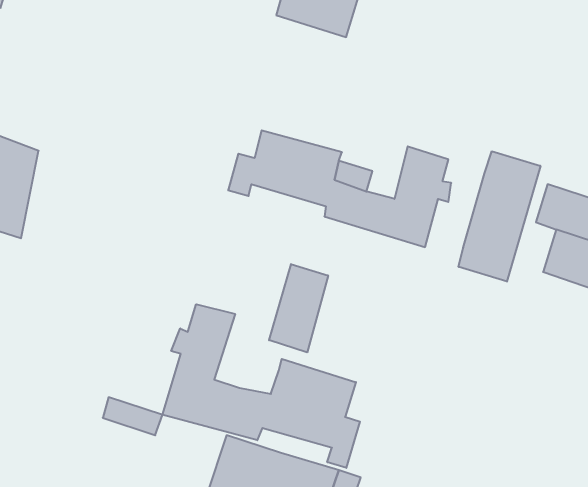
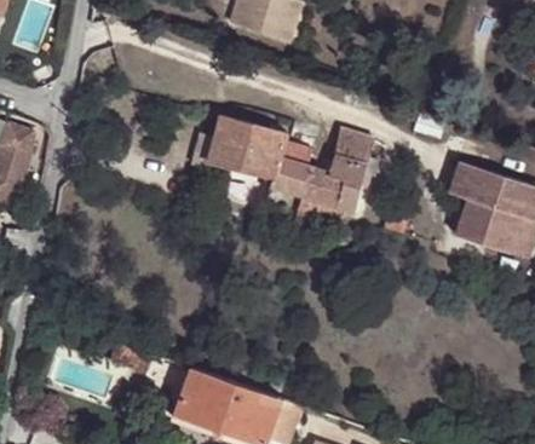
building: [459,151,540,282] -> none
building: [269,264,328,352] -> none
building: [162,304,360,468] -> none

